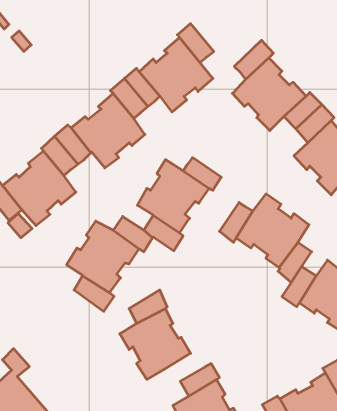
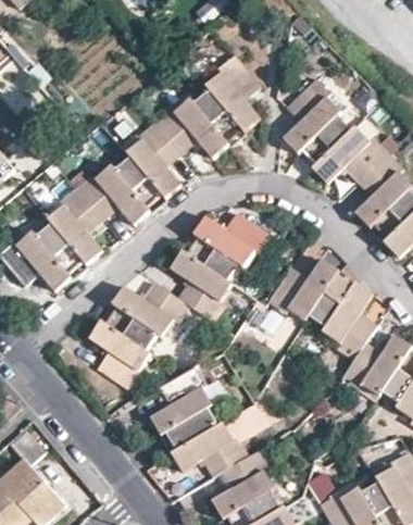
building: none -> [203,438,250,478]

